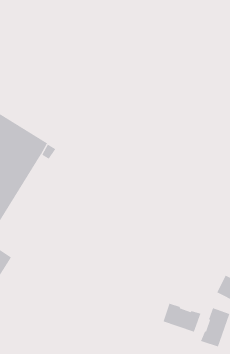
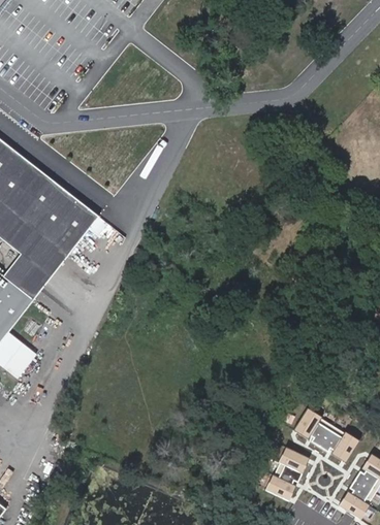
building: [163,303,201,333] -> none

